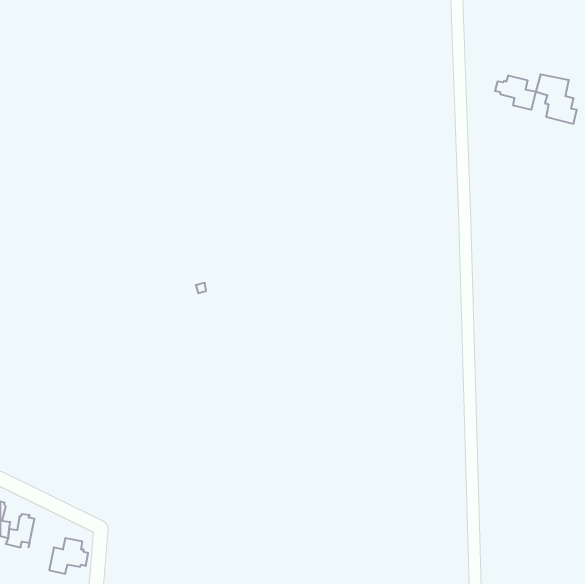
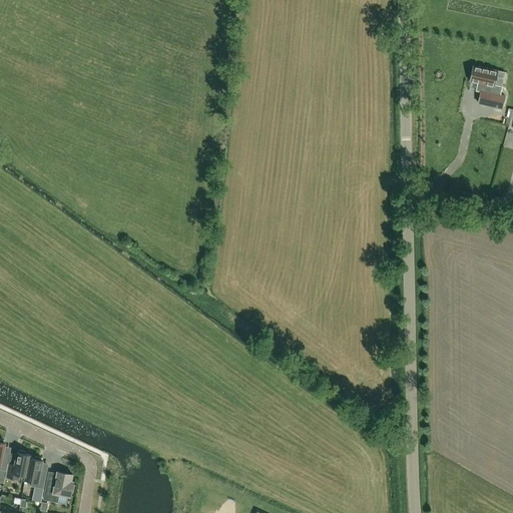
building: [495,75,536,110] -> none
building: none -> [25,455,46,490]

